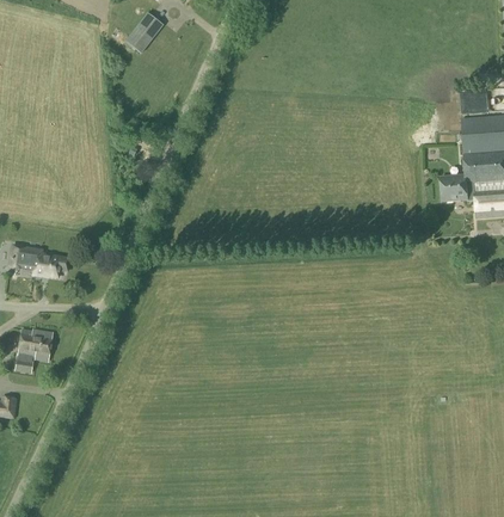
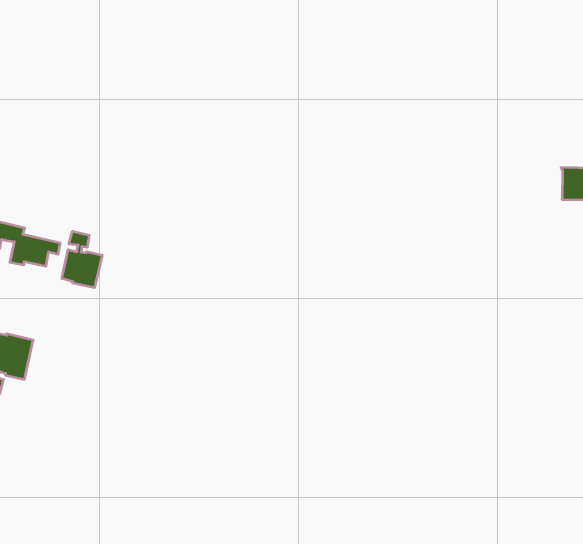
building: none -> [62,231,102,288]

